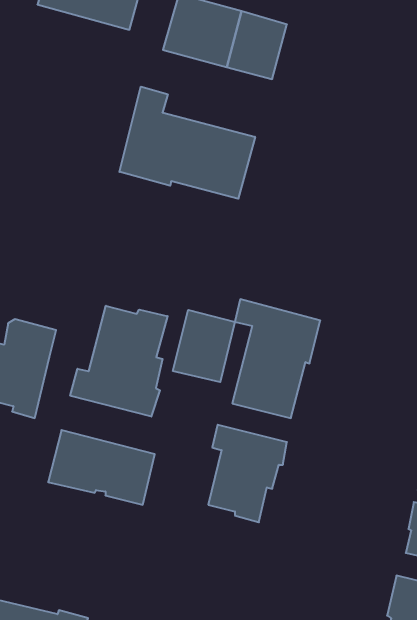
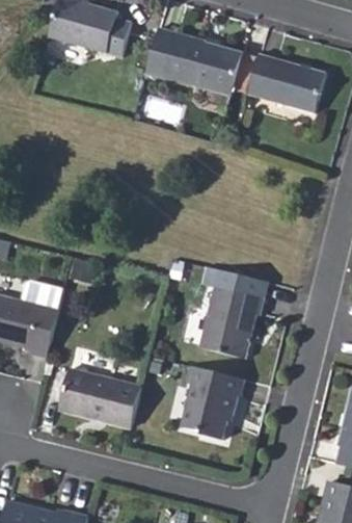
building: none -> [248,54,325,112]
building: [119,87,255,199] -> none
building: [70,306,168,417] -> none
building: [173,310,235,382] -> none

